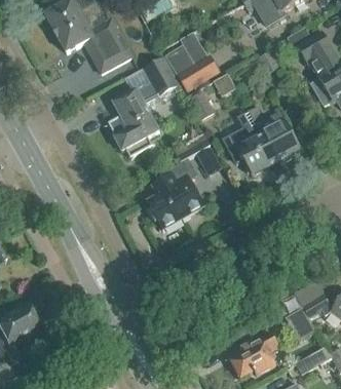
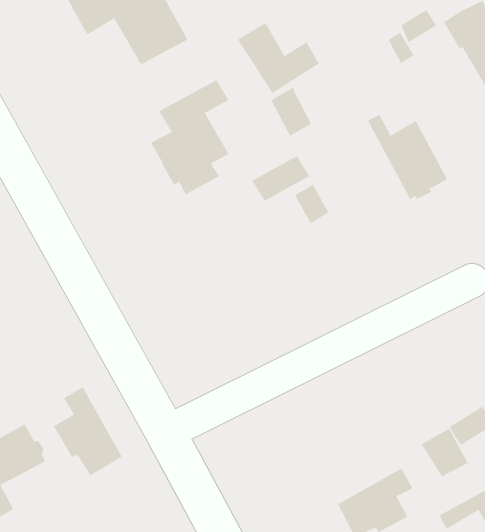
building: [143,54,179,94] -> none
building: [223,108,276,172] -> none
building: [148,168,205,229] -> none
building: none -> [53,386,122,476]

